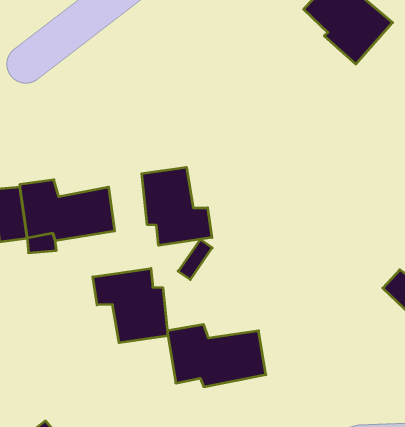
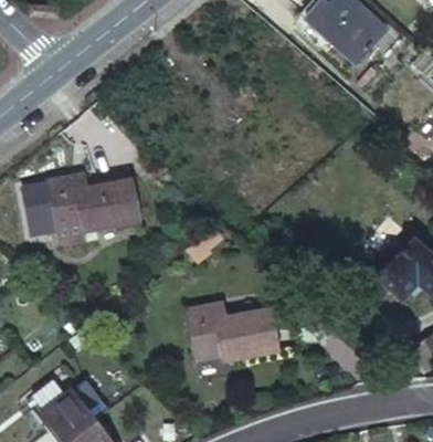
building: [142,167,212,245] -> none
building: [93,268,168,343] -> none

